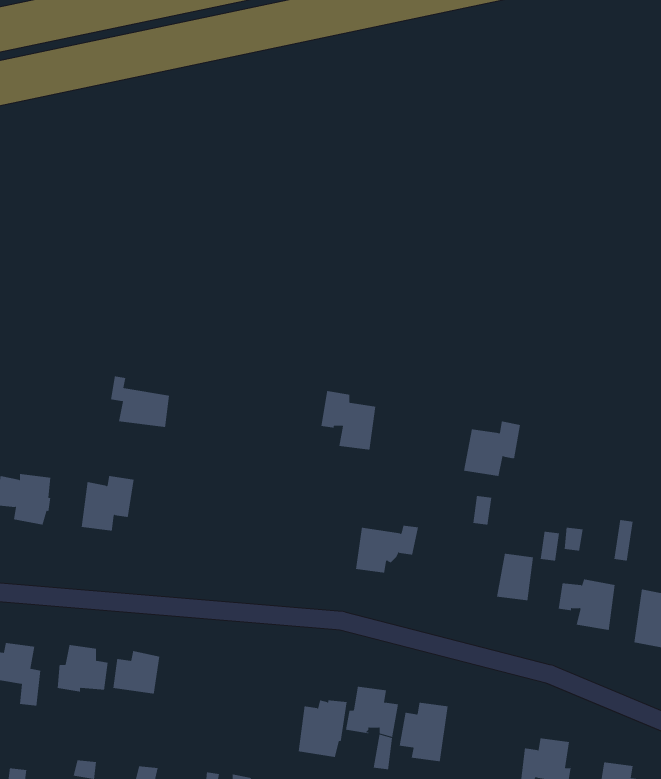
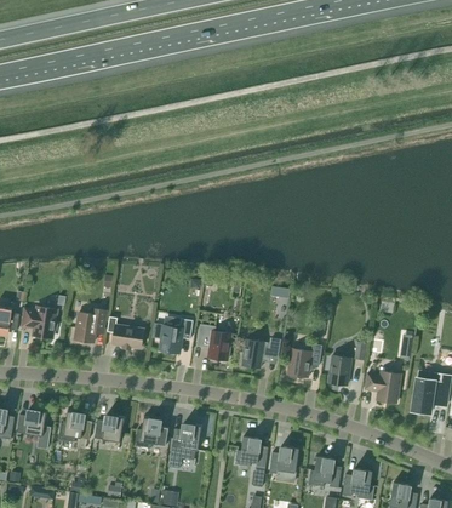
building: [110,376,170,427] -> [107,316,143,348]
building: [320,390,376,450] -> [196,324,230,360]
building: [463,421,521,477] -> [286,343,321,377]
building: none -> [150,319,193,353]
building: none -> [136,417,167,446]
building: [298,700,347,758] -> [170,424,200,460]
building: none -> [308,456,341,487]

